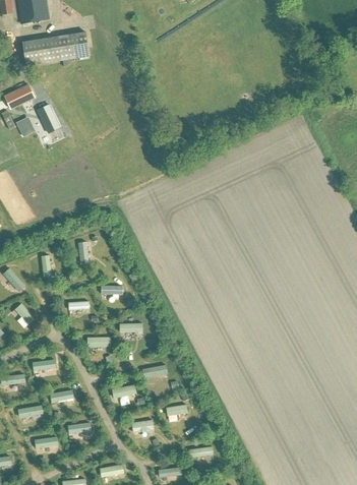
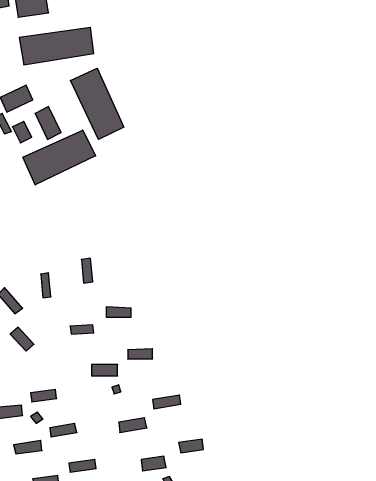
building: none -> [70,68,124,139]
building: none -> [23,130,96,185]

